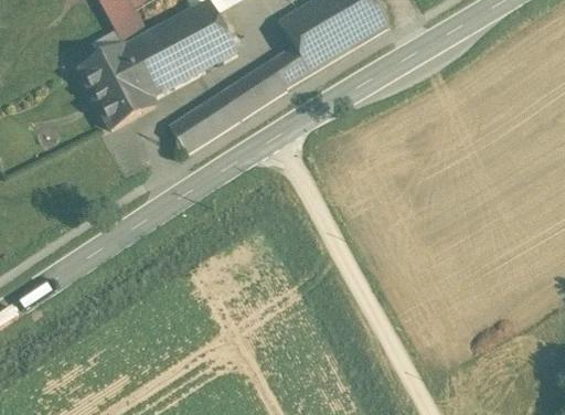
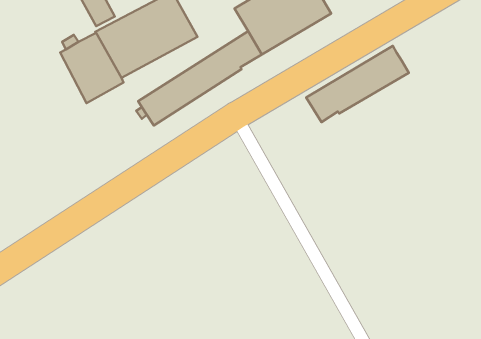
building: none -> [306,46,409,122]

